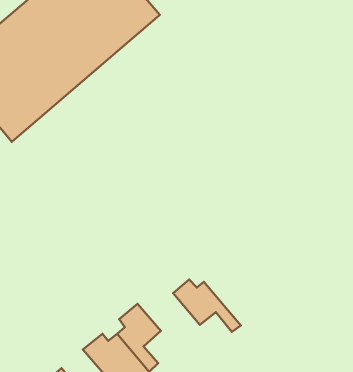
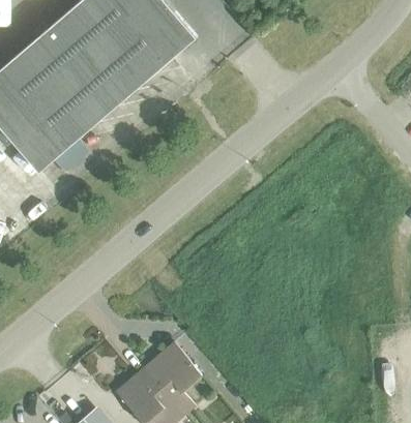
building: [173,279,241,332] -> none

